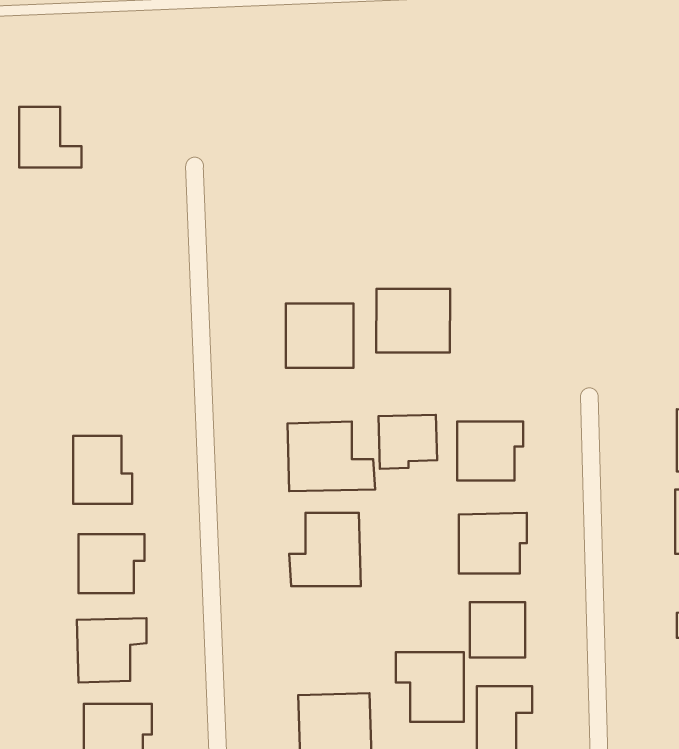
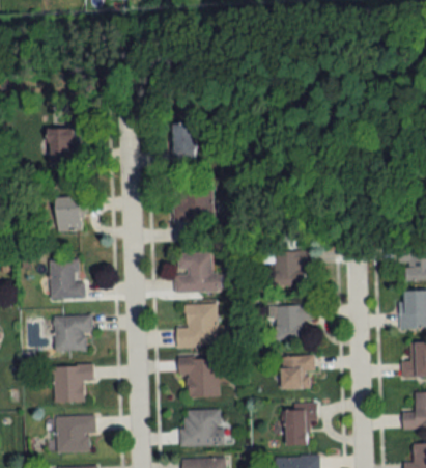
building: [19,107,82,168] -> [48,129,84,164]
building: none -> [172,123,195,163]
building: [376,289,450,352] -> none
building: none -> [56,196,83,230]
building: [379,415,437,469] -> none
building: [396,652,464,722] -> [178,357,218,397]

